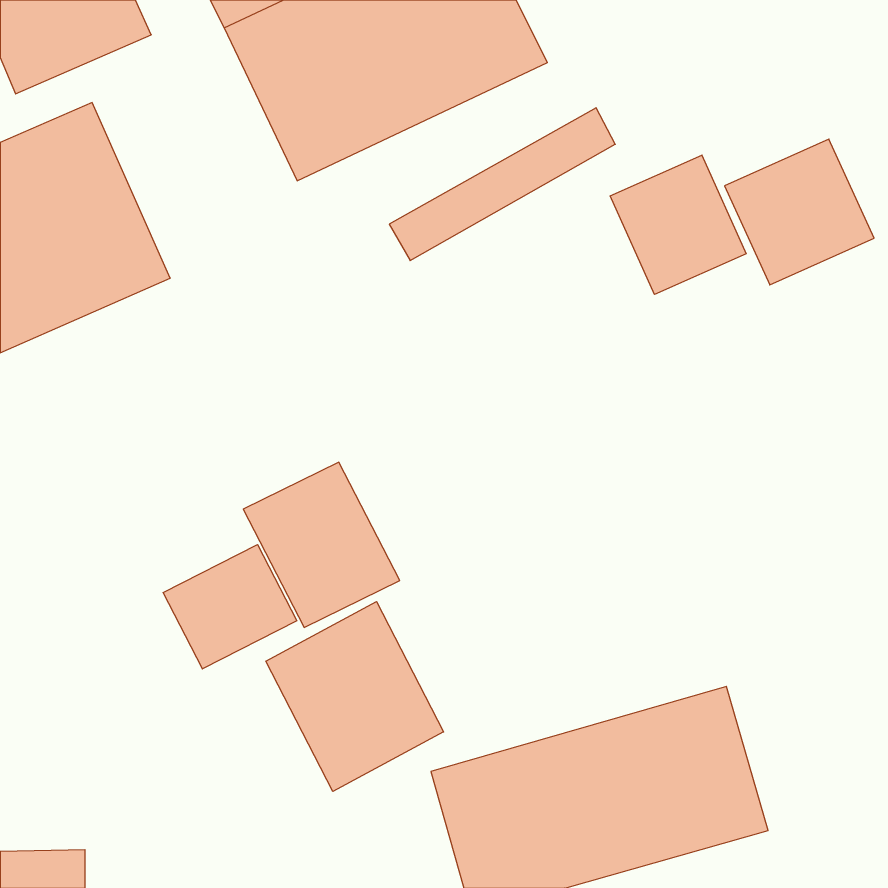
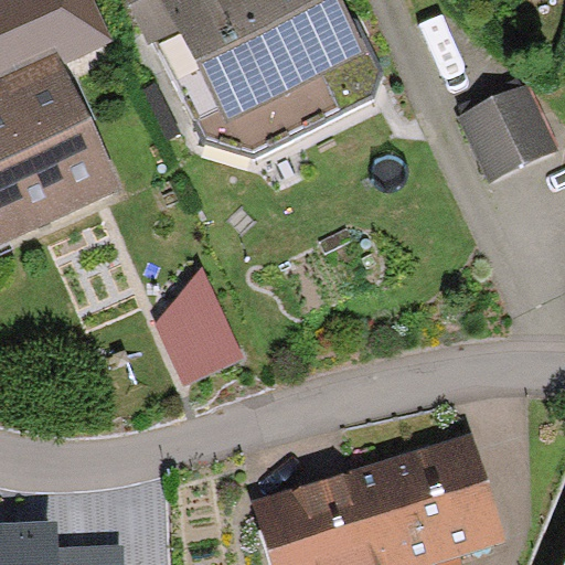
building: [610,155,746,294] -> none
building: [163,545,297,669] -> none
building: [266,602,444,791] -> none

